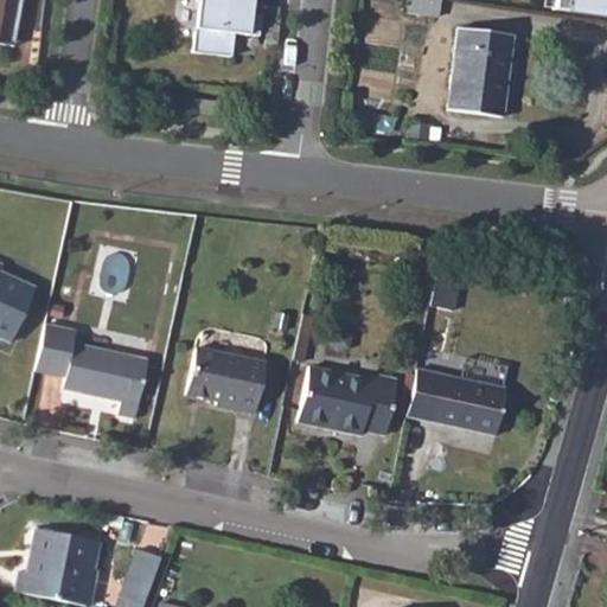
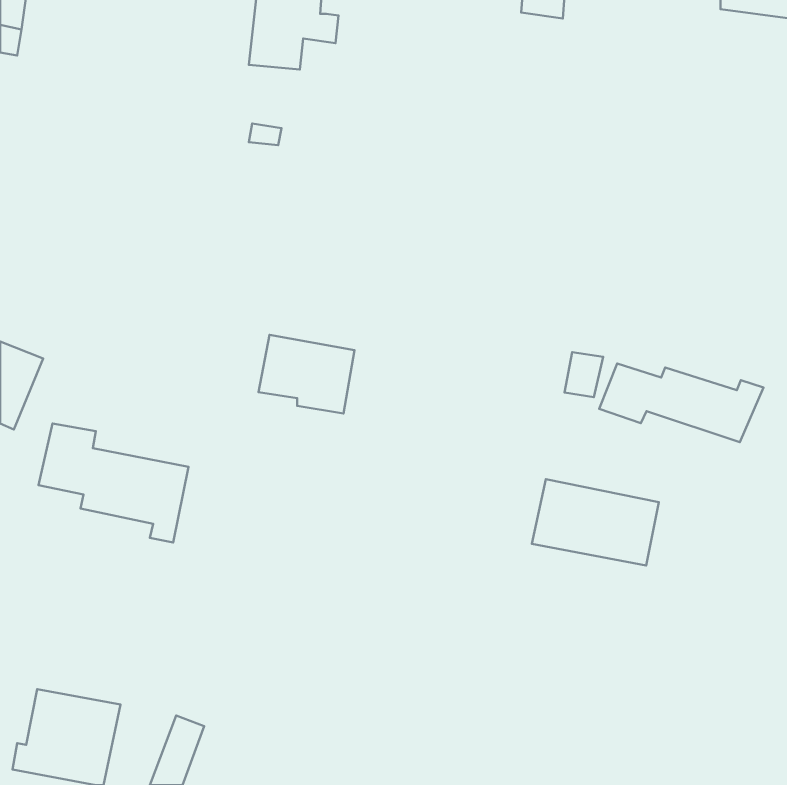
building: [449,27,516,114] -> none
building: none -> [599,363,763,442]
building: [193,356,267,416] -> [259,335,354,414]
building: [302,369,402,434] -> none

